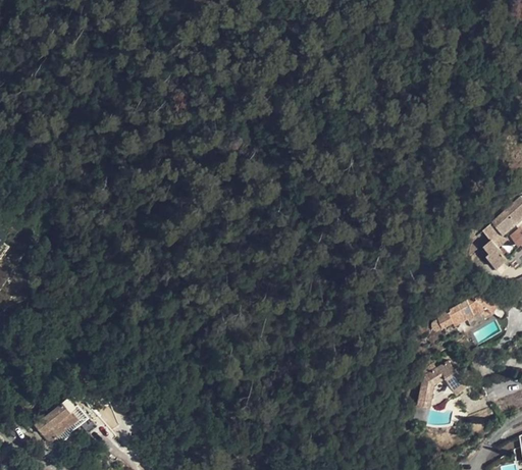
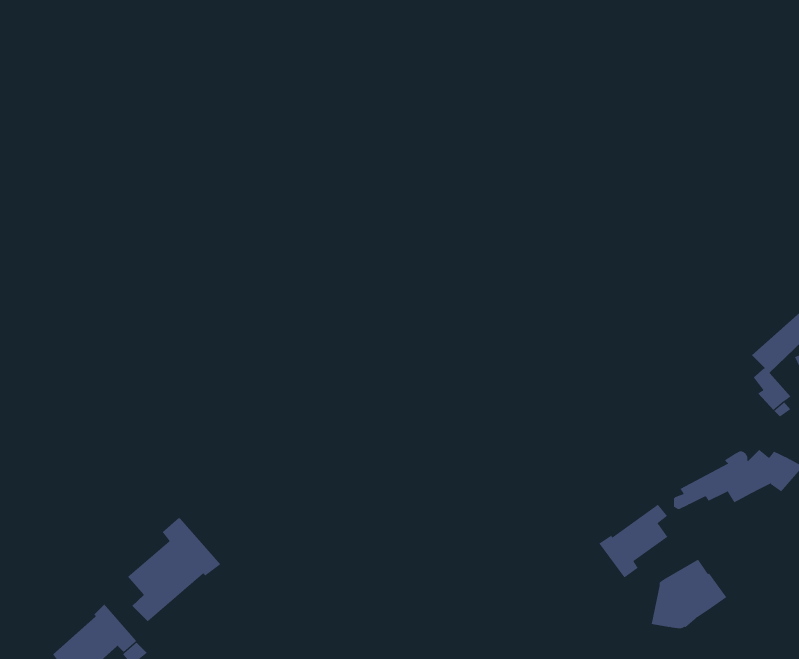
building: none -> [598,504,668,578]
building: none -> [127,518,221,622]

